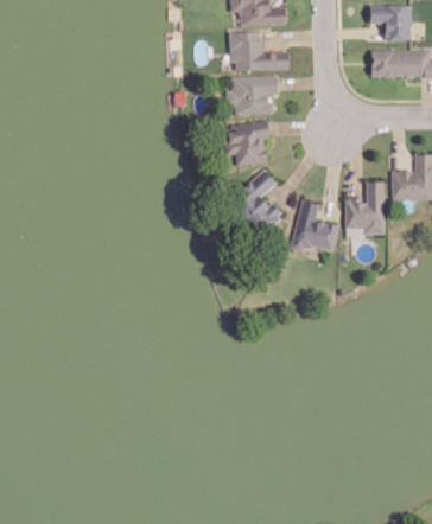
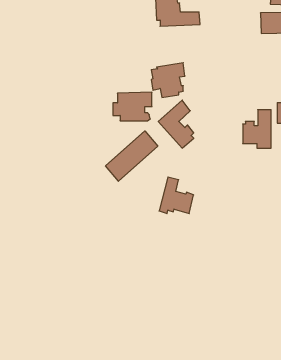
building: [224,75,277,113] -> [113,92,152,121]
building: [291,202,337,250] -> [159,177,194,214]
building: none -> [106,131,158,181]

